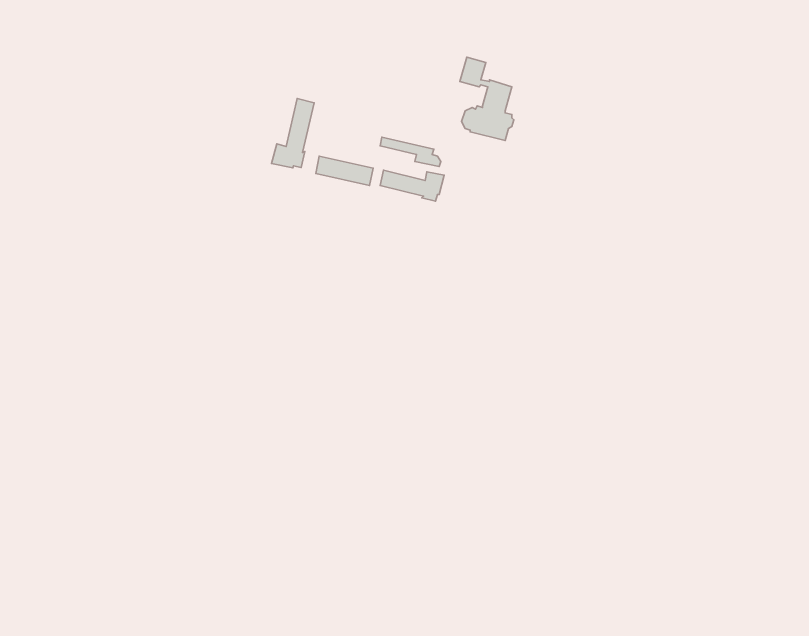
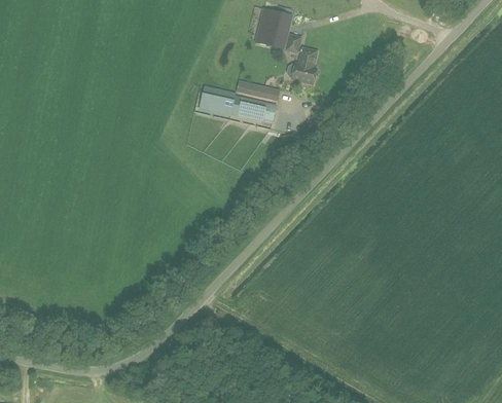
building: none -> [259,8,289,40]
building: [272,99,314,168] -> none

